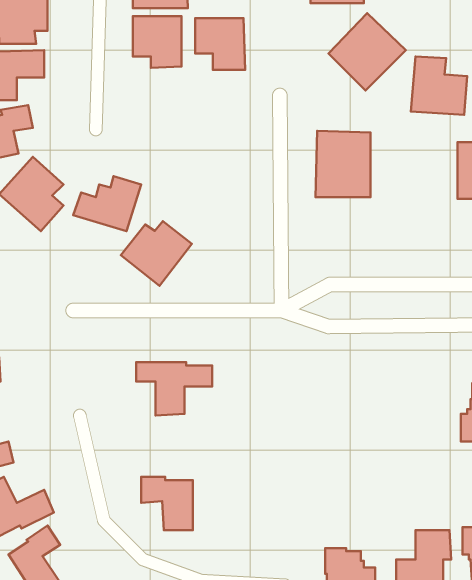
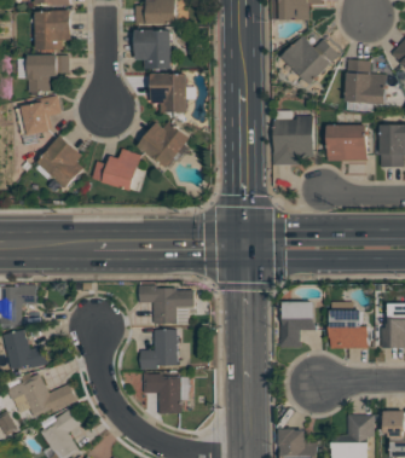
building: [195,18,245,70] -> [151,73,189,111]
building: none -> [325,123,366,161]
building: [121,221,192,286] -> [138,120,191,168]
building: none -> [279,301,314,347]
building: none -> [330,308,368,348]
building: none -> [139,329,177,369]

